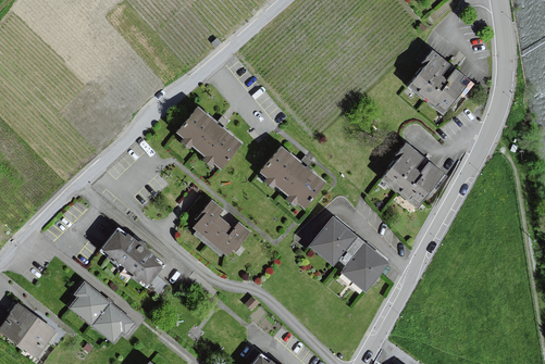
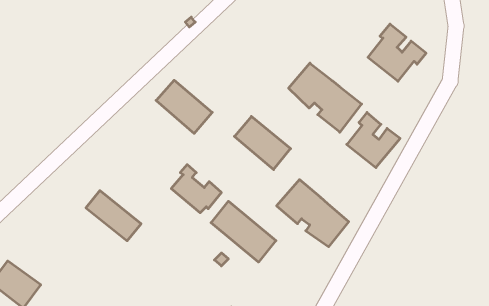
building: none -> [289,63,362,132]
building: none -> [211,201,276,262]
building: [70,283,134,342] -> none

